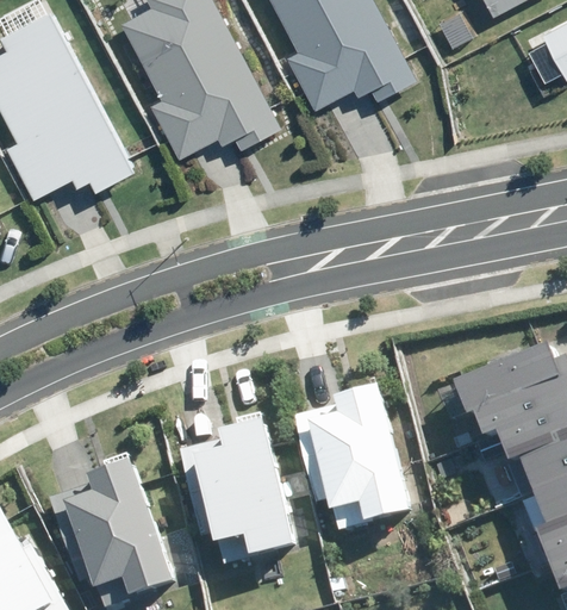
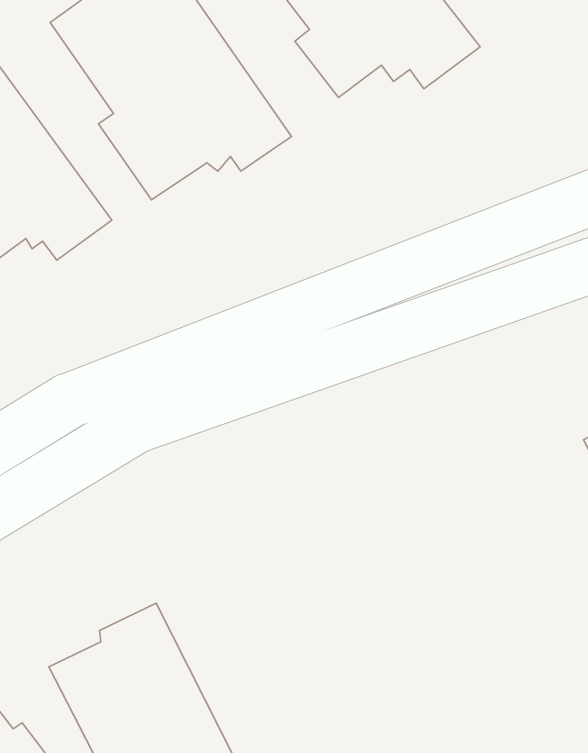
building: [293,381,410,529] -> none
building: [173,421,289,561] -> none

